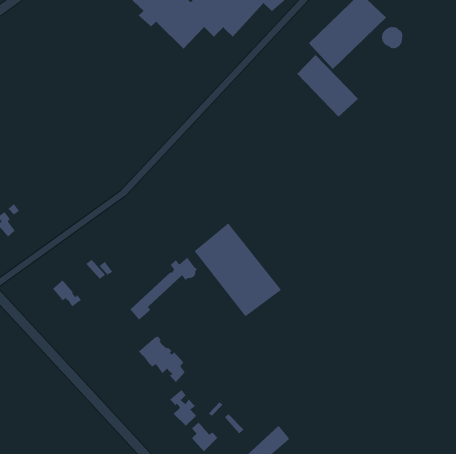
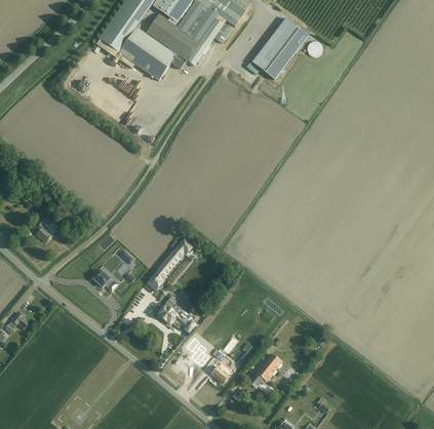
building: [296,54,359,117] -> none
building: [194,222,282,317] -> none

